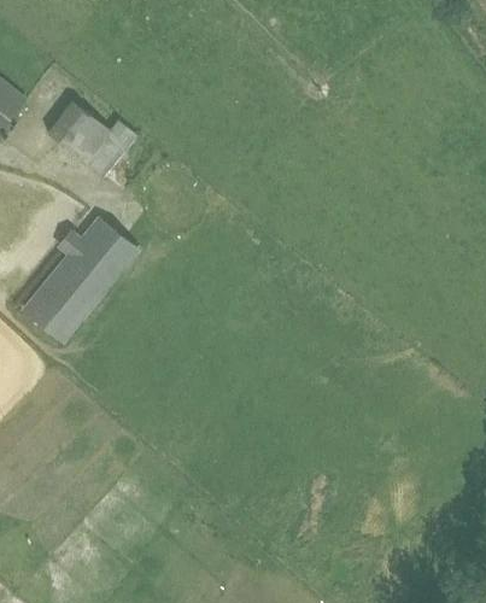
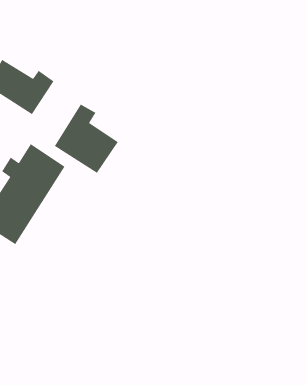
building: none -> [54,103,119,174]

